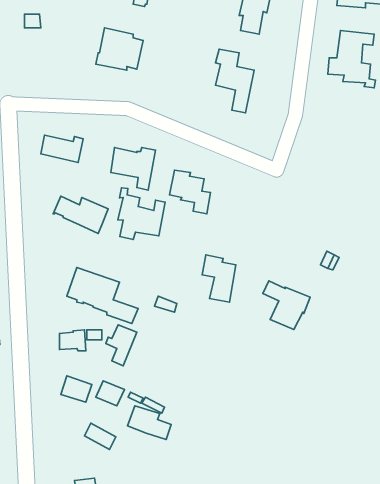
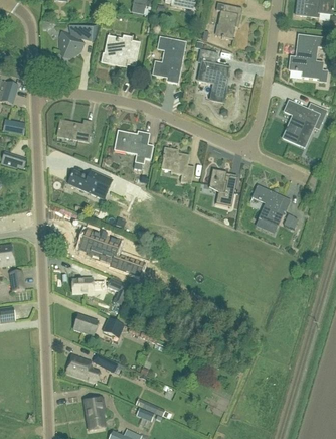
building: none -> [58,22,97,57]
building: none -> [152,37,184,83]
building: none -> [283,101,325,142]
building: [118,188,165,240] -> none
building: [202,255,236,302] -> [209,168,236,206]
building: [263,281,310,330] -> [251,186,290,226]
building: [128,406,171,440] -> [65,354,101,382]

